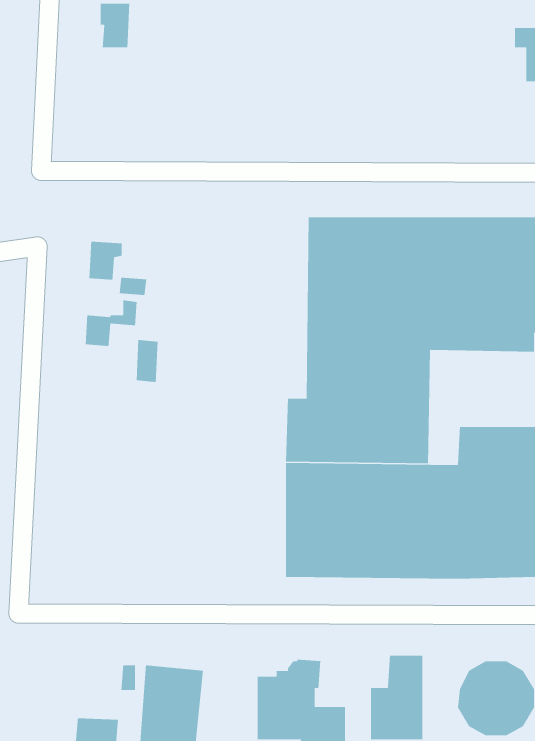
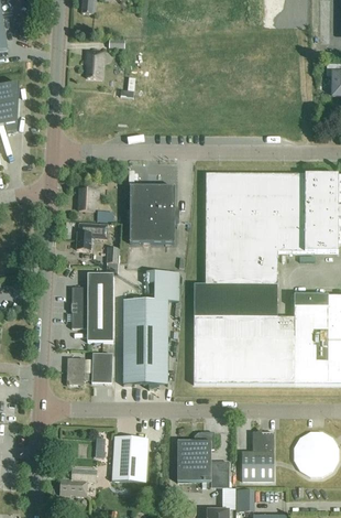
building: none -> [129,185,178,242]
building: none -> [122,270,178,389]
building: none -> [70,273,112,341]
building: none -> [65,353,112,384]

